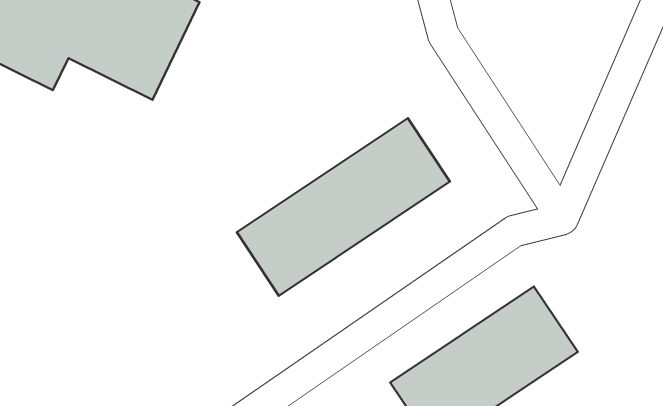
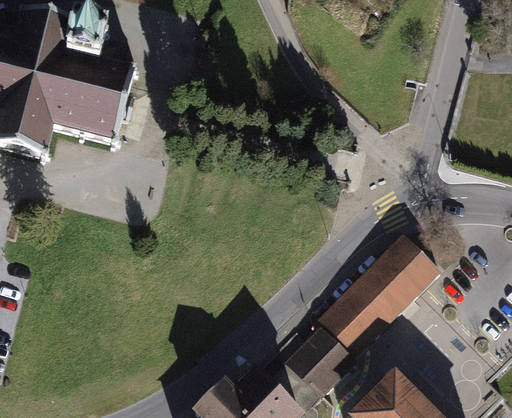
building: [237,118,450,296] -> none

